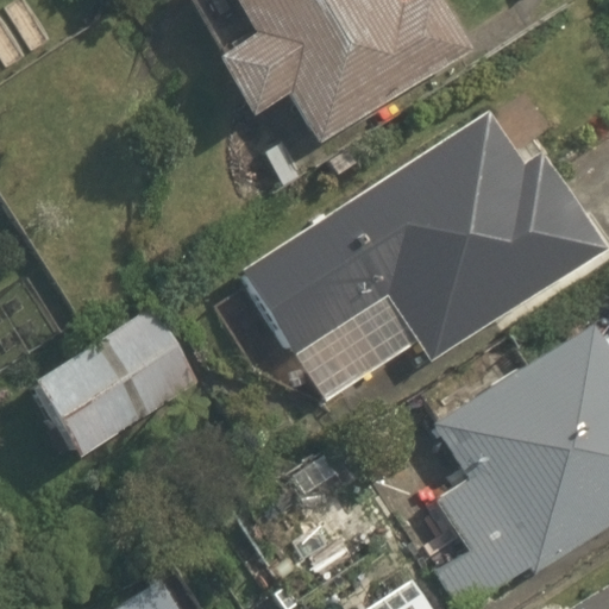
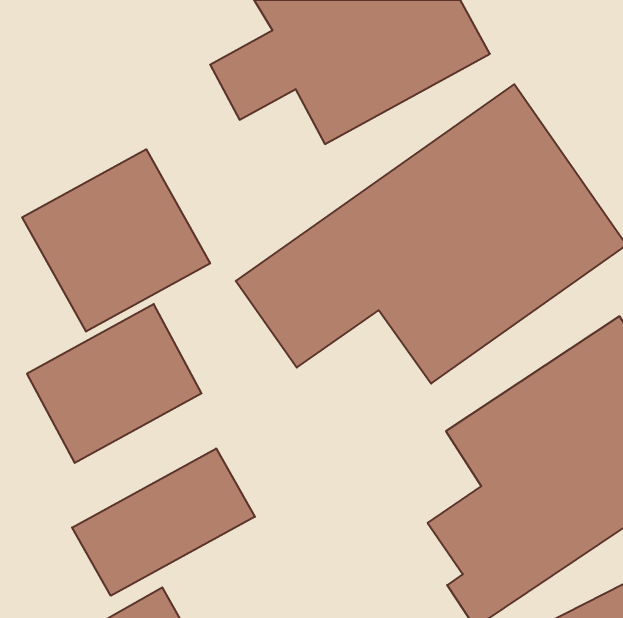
building: none -> [22,149,210,332]
building: none -> [72,448,255,596]

